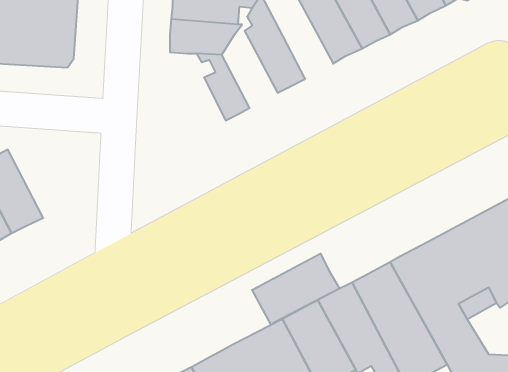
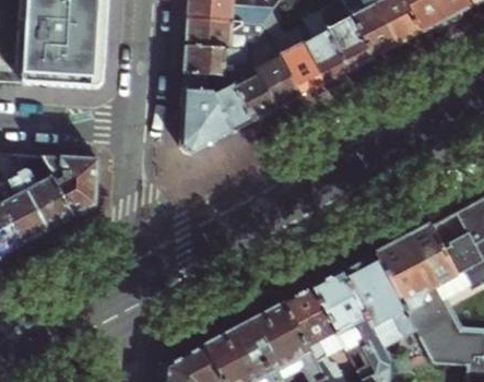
building: none -> [279,40,326,96]
building: none -> [229,58,278,121]
building: none -> [179,73,233,154]
building: none -> [44,155,98,216]
building: [252,254,340,325] -> none

